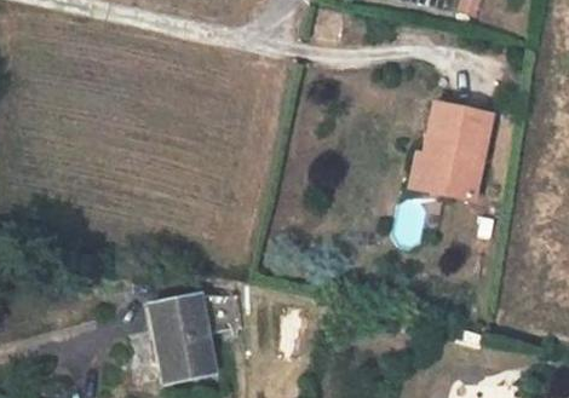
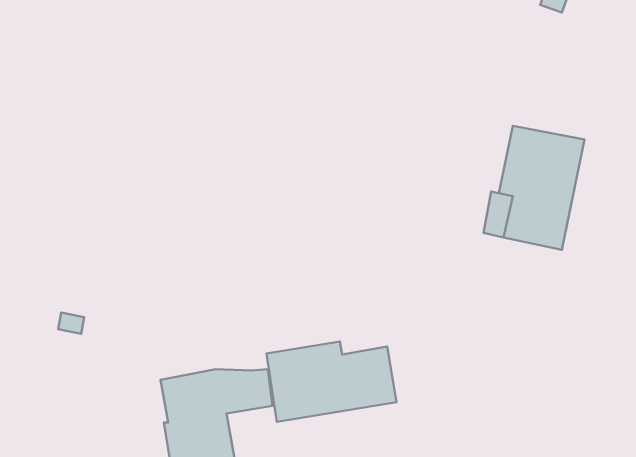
building: none -> [267,341,396,422]

